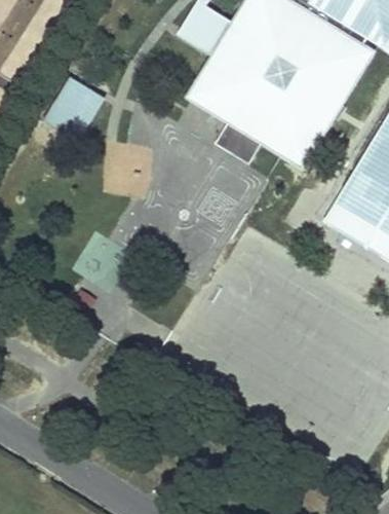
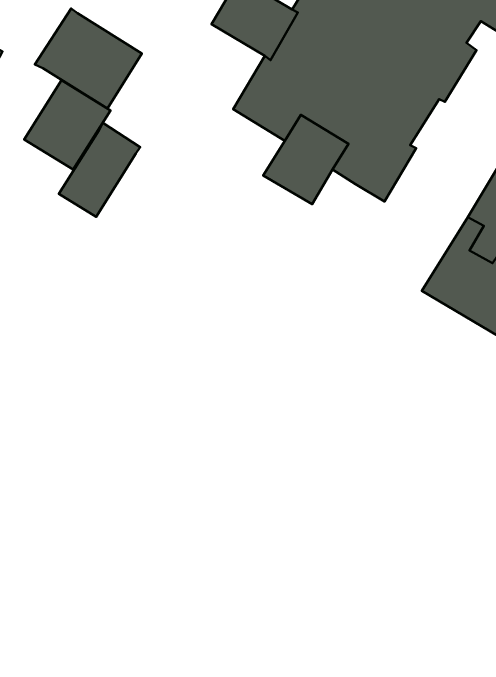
building: none -> [35,8,142,109]
building: none -> [59,123,140,217]

